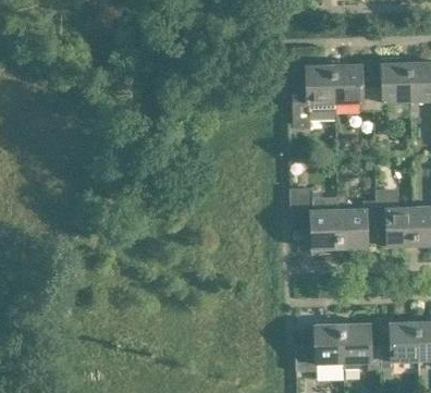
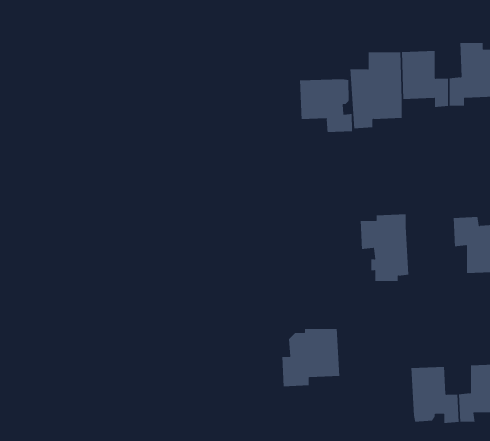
building: none -> [300,79,352,133]
building: [338,200,378,247] -> none
building: [296,323,344,371] -> [282,328,340,387]

